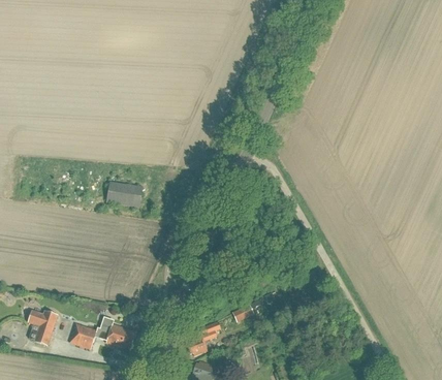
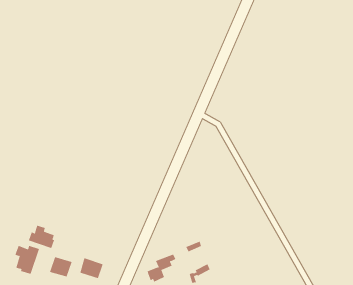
building: [106,181,141,207] -> none
building: none -> [28,225,55,249]

